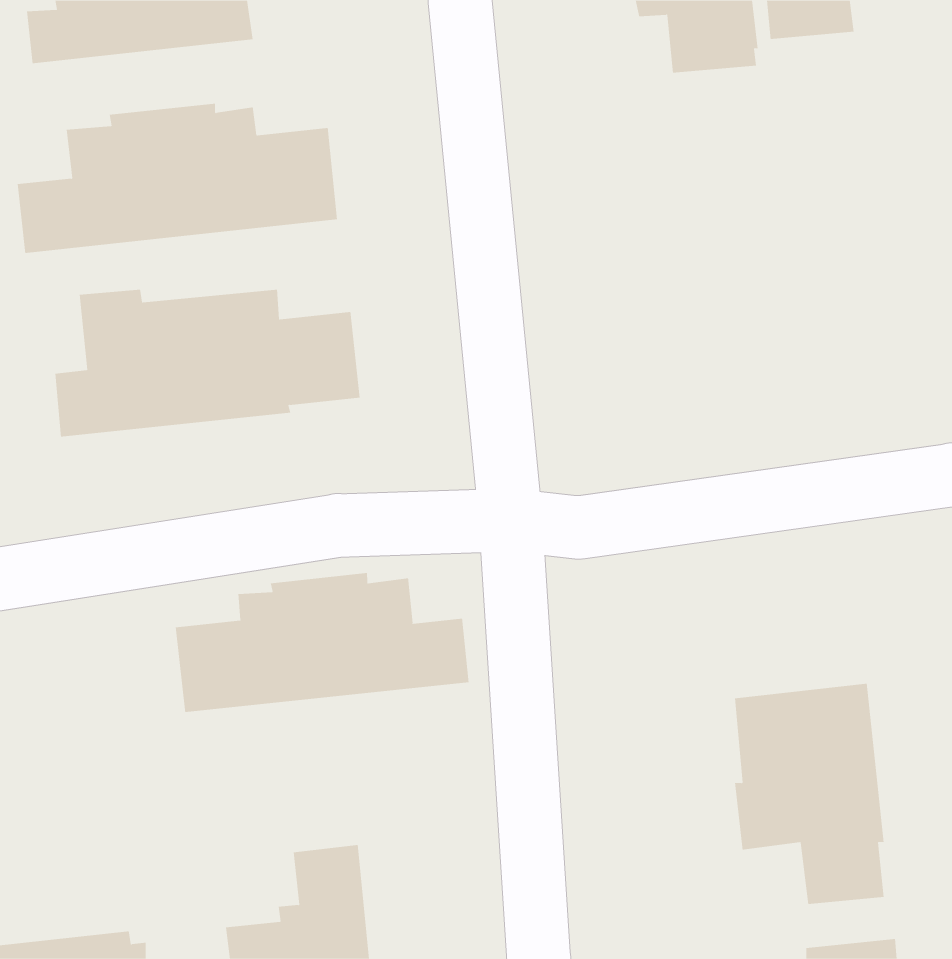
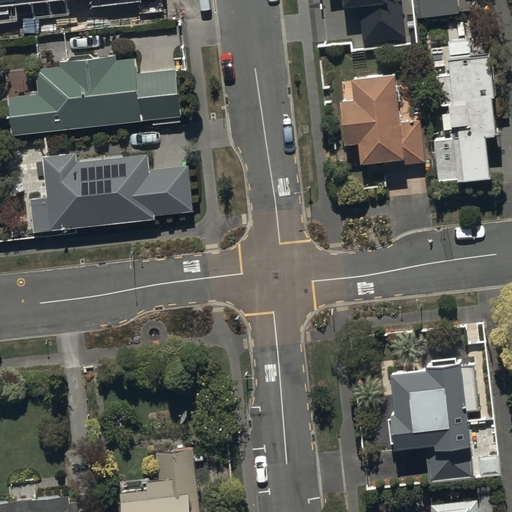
building: none -> [430,43,493,188]
building: none -> [337,74,423,164]
building: [175,572,469,713] -> none

